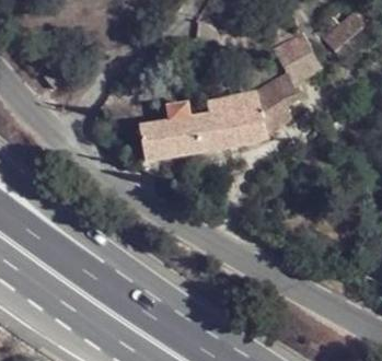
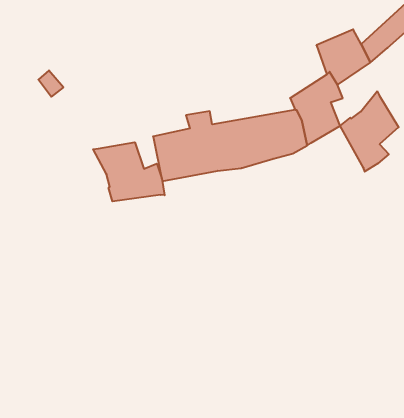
building: none -> [340,91,399,172]
building: none -> [93,142,165,201]

